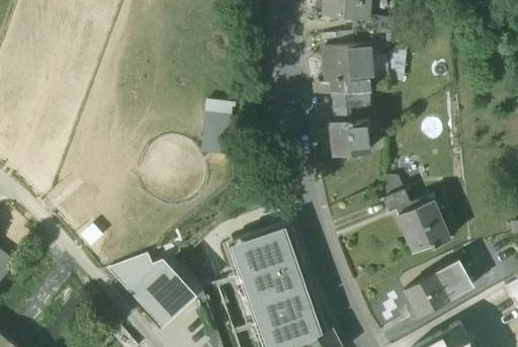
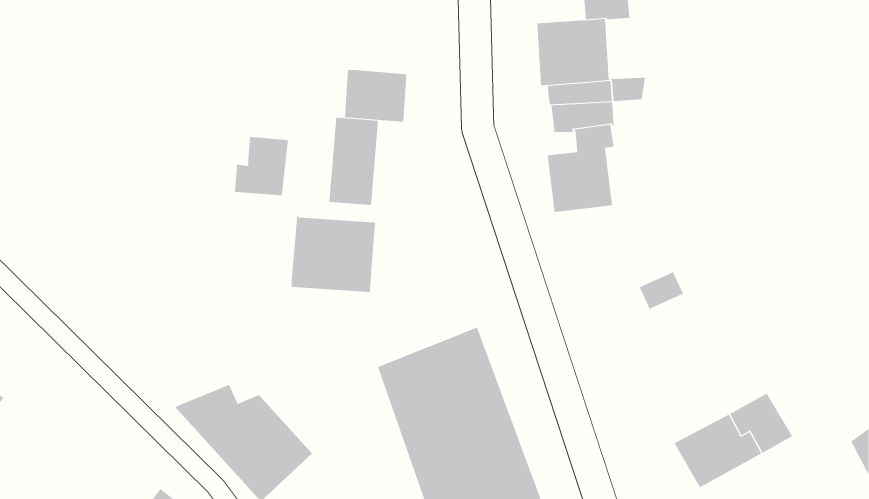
building: none -> [345,69,408,123]
building: none -> [235,136,289,196]
building: none -> [291,215,376,293]
building: [397,198,448,251] -> none

